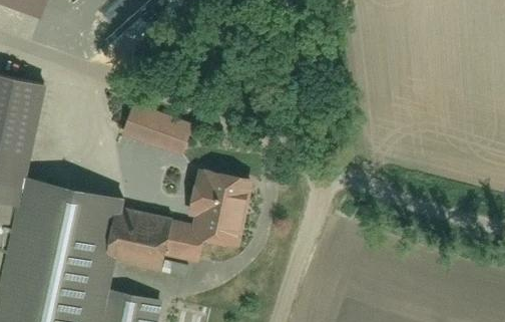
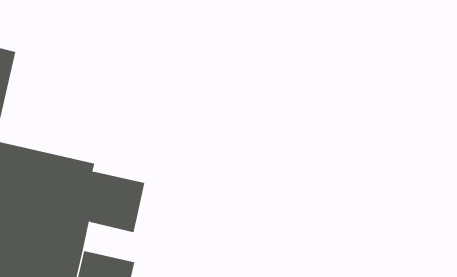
building: [124,104,192,154] -> none
building: [163,166,250,260] -> none

